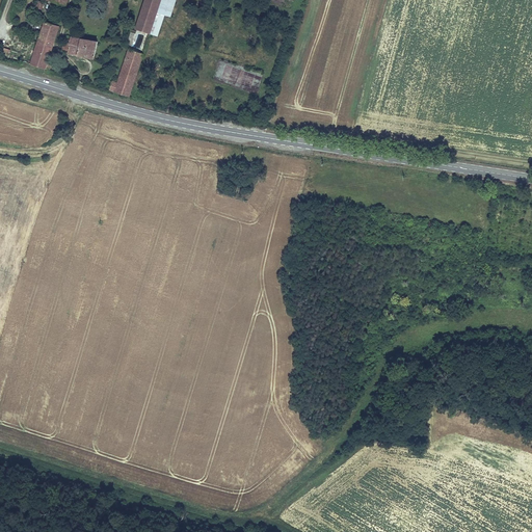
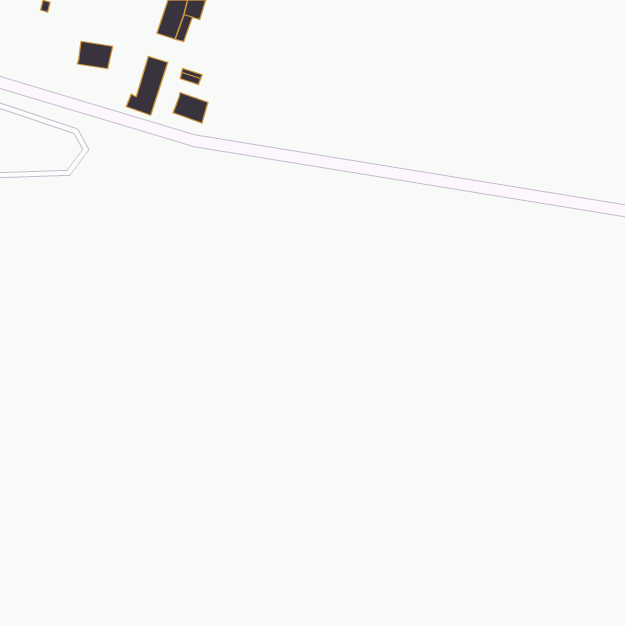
building: [28,21,58,71] -> none
building: none -> [173,93,208,123]

